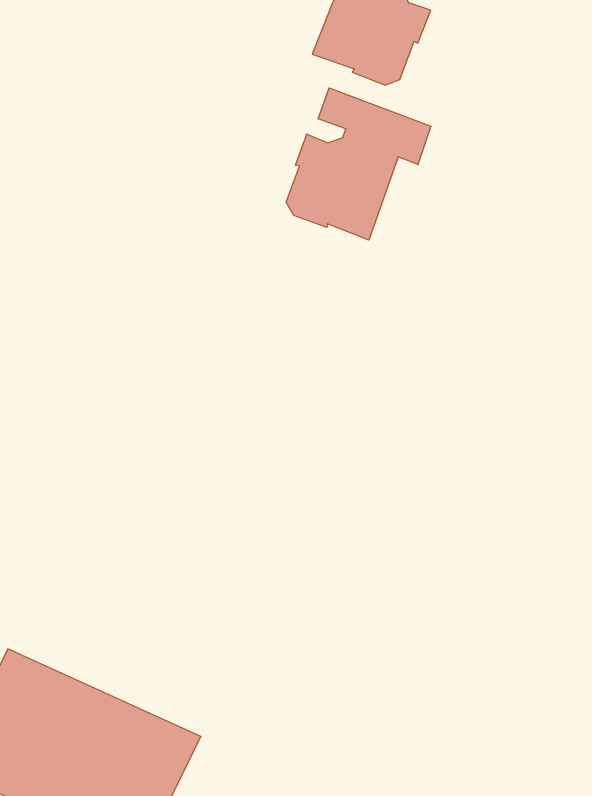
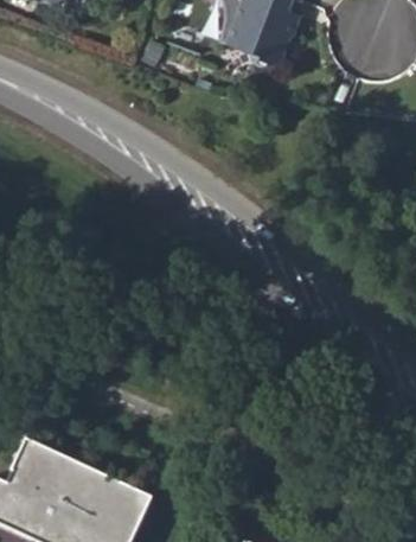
building: [286,88,431,240] -> none

